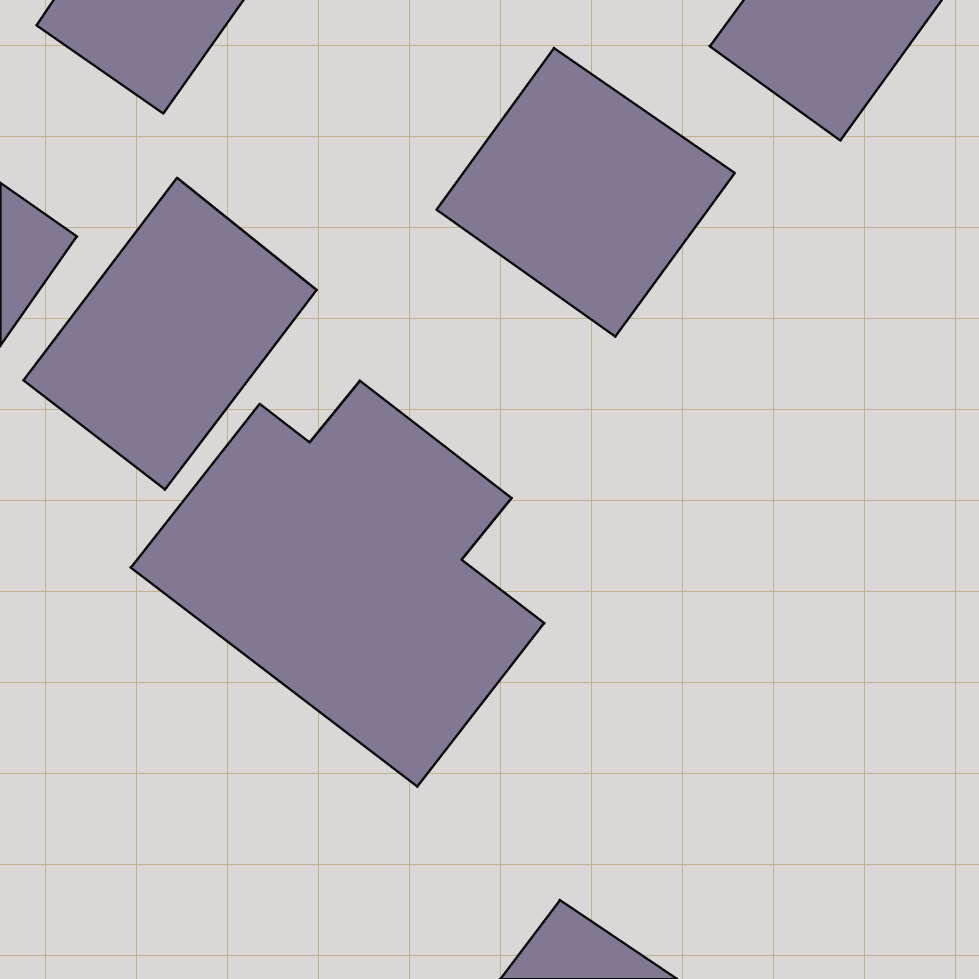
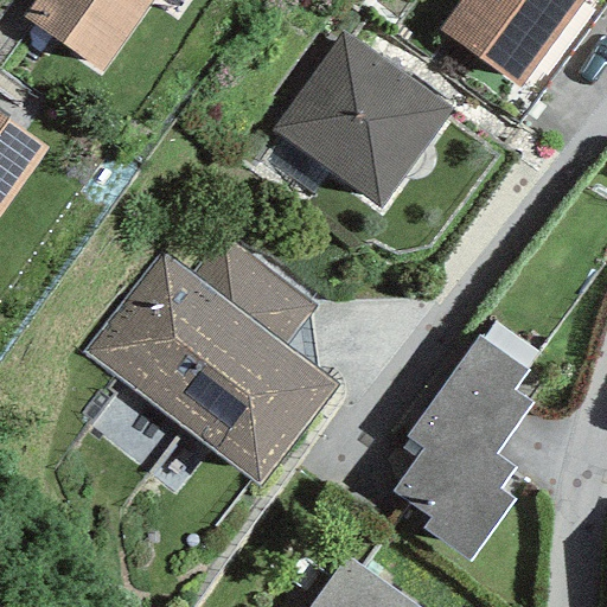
building: [23,178,317,490] -> none
building: none -> [394,334,535,562]

